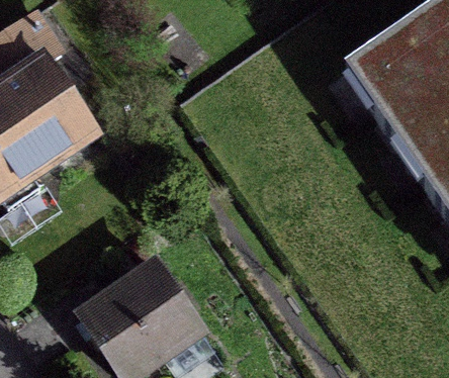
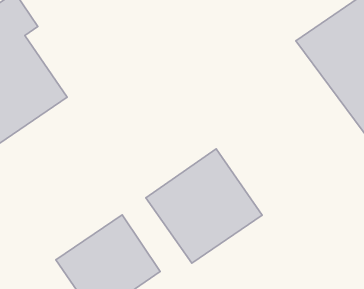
building: none -> [146,149,262,263]

